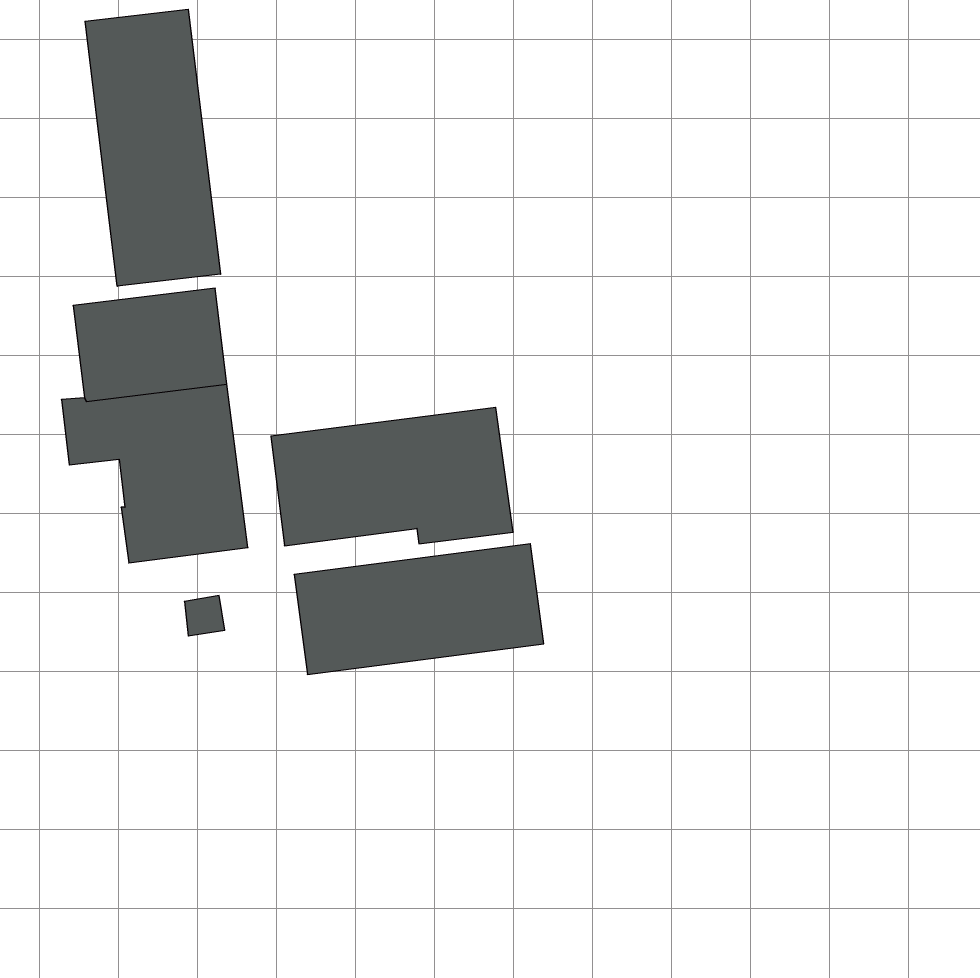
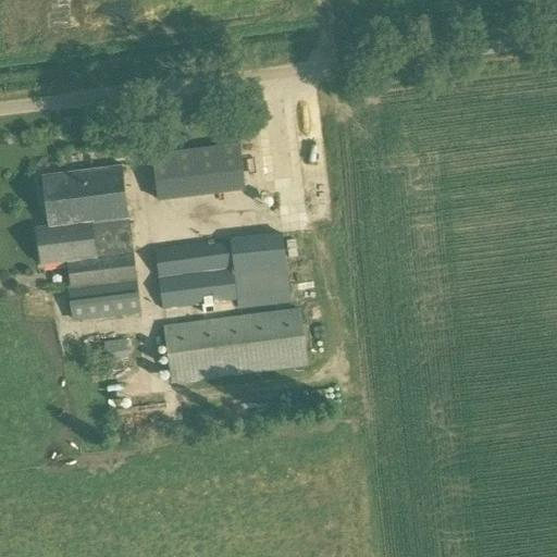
building: [85,9,221,286] -> none
building: none -> [151,141,244,199]

